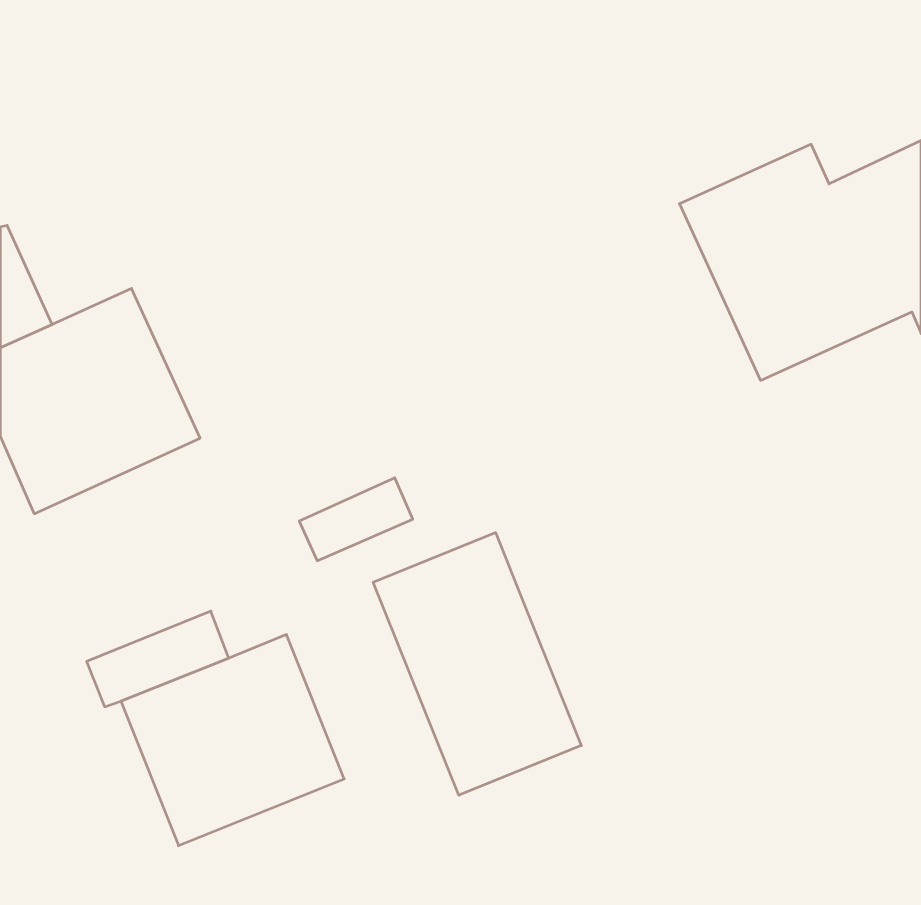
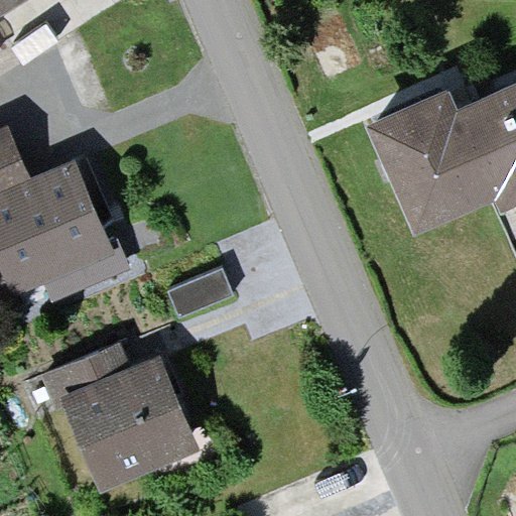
building: [373,533,581,795] -> none

